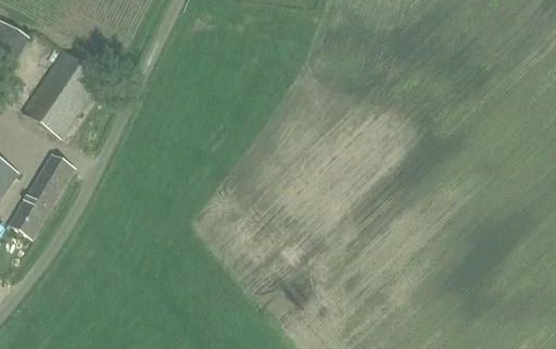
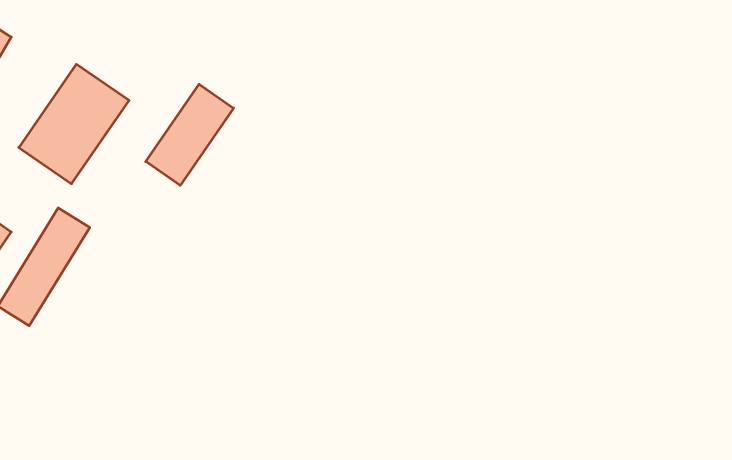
building: none -> [146,84,234,185]

